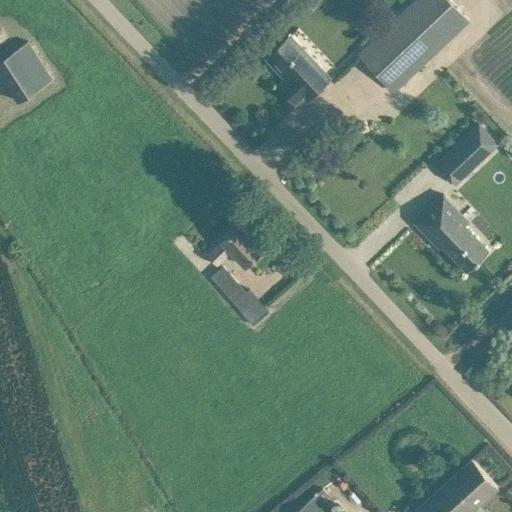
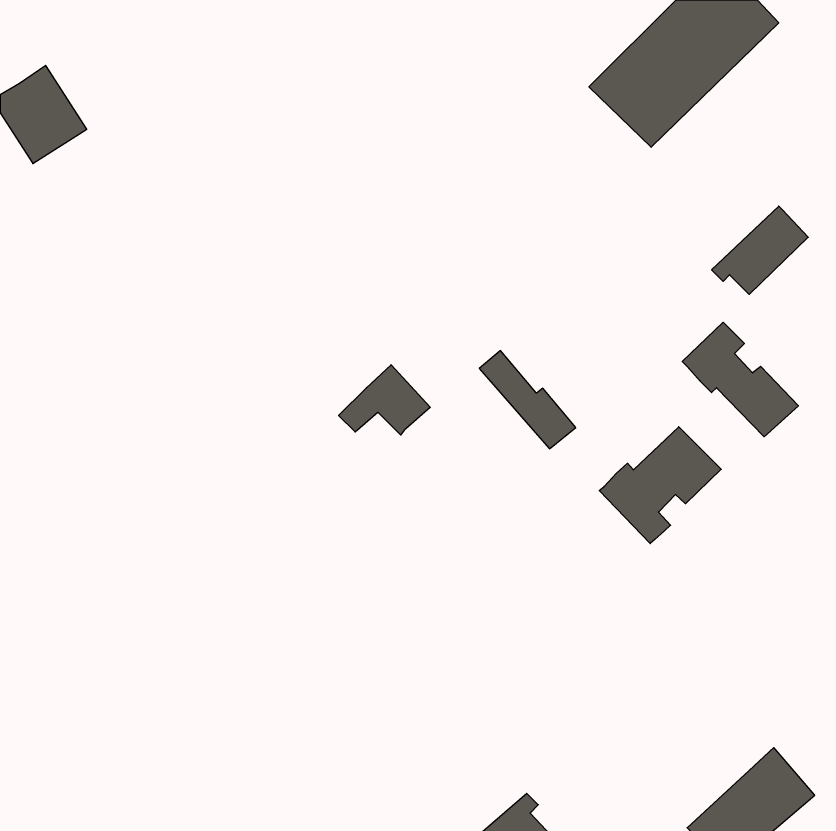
building: [267,38,330,107] -> none
building: none -> [599,427,721,544]
building: [211,267,270,327] -> [479,351,576,449]

